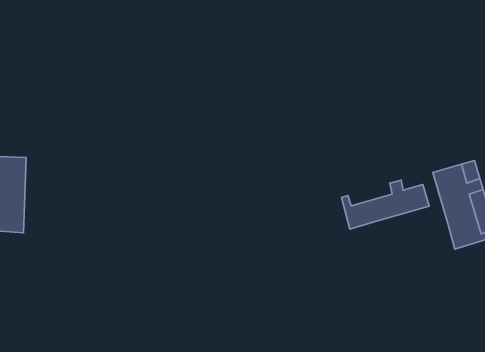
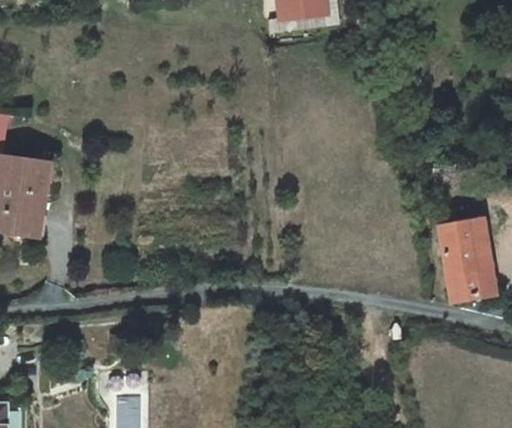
building: [342,180,429,229] -> none

